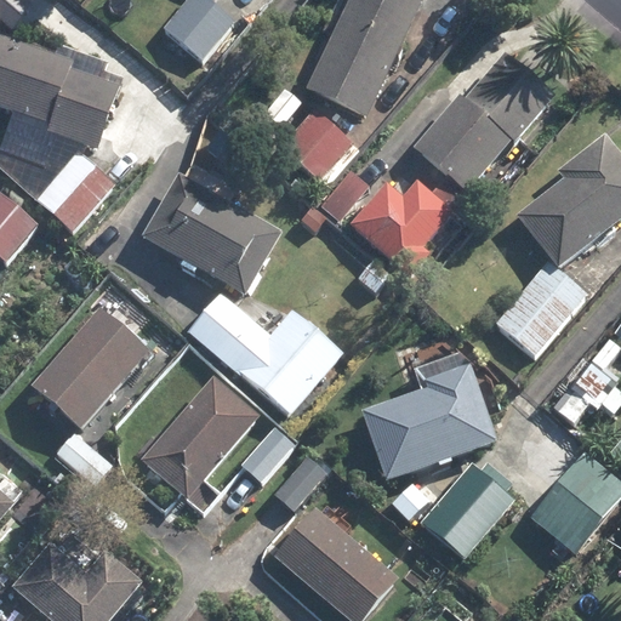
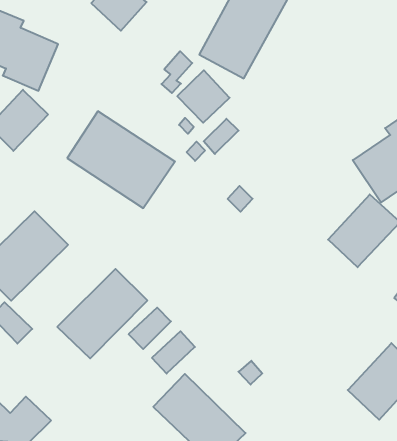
building: [415,53,552,188] -> none
building: [351,181,451,274] -> none
building: [186,291,342,415] -> none
building: [363,364,498,480] -> none
building: [422,462,515,559] -> none

